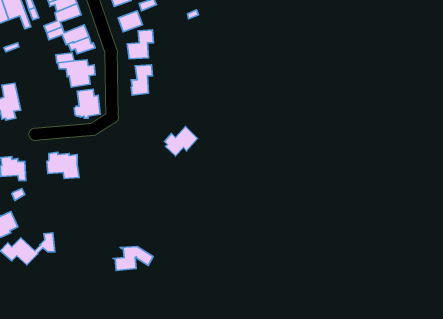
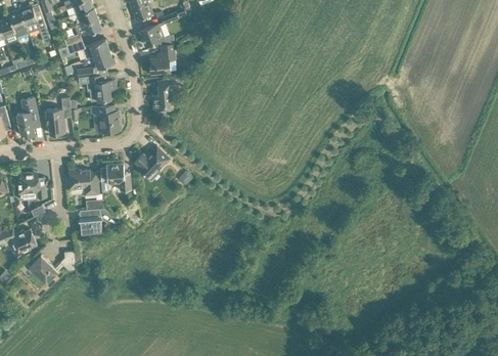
building: none -> [46,96,72,133]
building: [164,127,198,156] -> [136,145,170,175]
building: none -> [100,164,132,191]
building: [113,246,153,271] -> [79,208,120,232]

